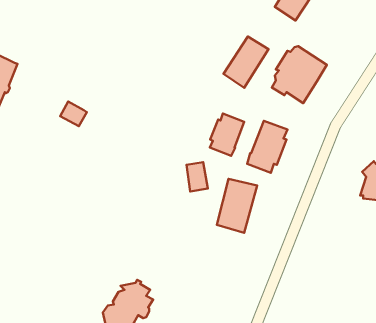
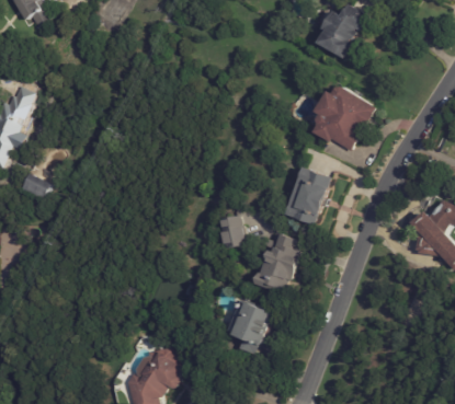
building: [224,36,269,88] -> none
building: [60,101,87,126] -> [21,173,50,200]
building: [210,113,244,156] -> none
building: none -> [225,301,273,356]

